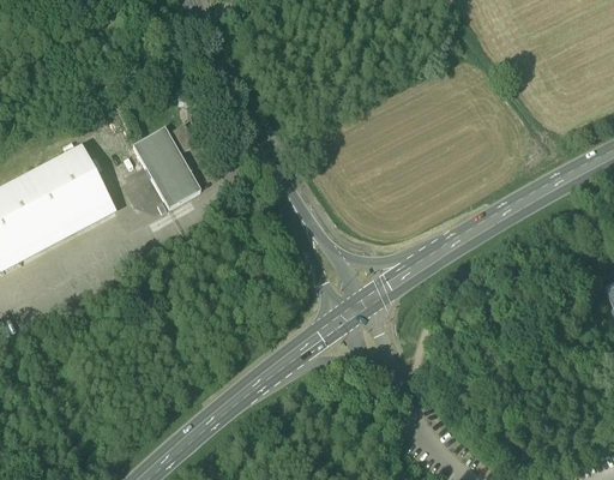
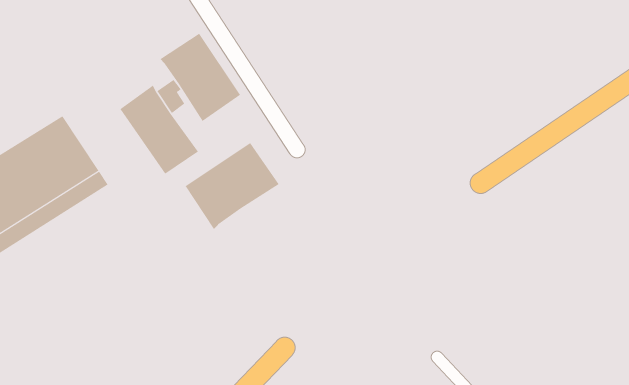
building: none -> [159,33,241,122]
building: none -> [185,142,280,230]

